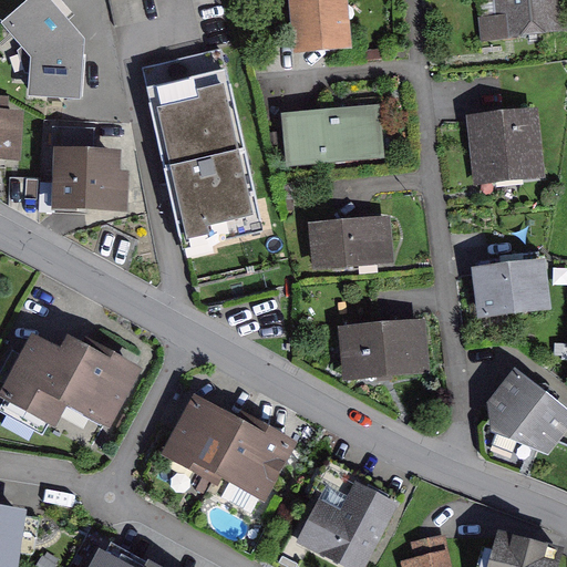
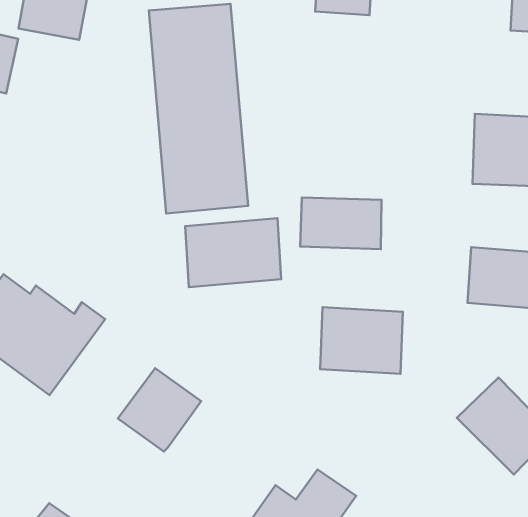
building: [284,103,382,165] -> none
building: [52,151,127,209] -> none
building: none -> [185,218,281,287]
building: [215,422,288,498] -> none

